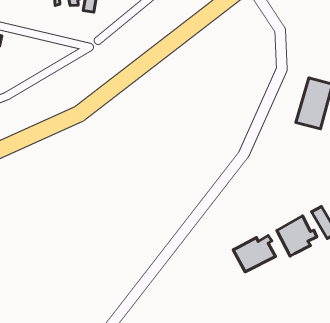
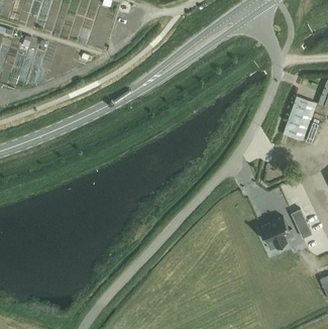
building: [233,236,276,272] -> none

